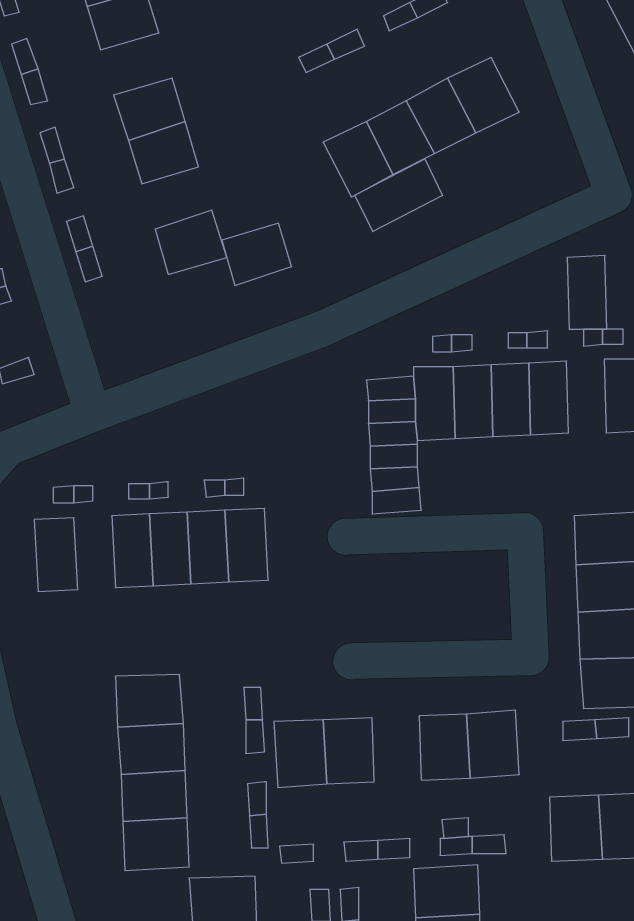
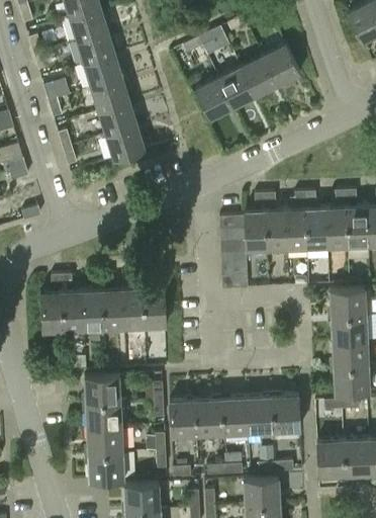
building: none -> [77,32,115,66]
building: [355,159,442,232] -> none
building: [222,223,292,285] -> [99,104,136,138]
building: [567,255,607,329] -> [326,207,348,247]
building: none -> [63,291,85,331]
building: none -> [222,399,249,434]

